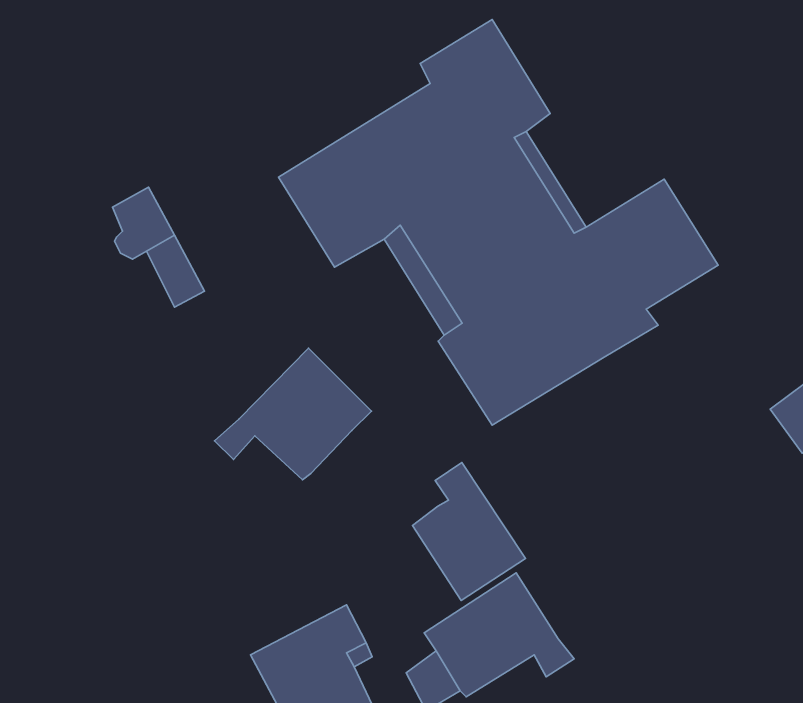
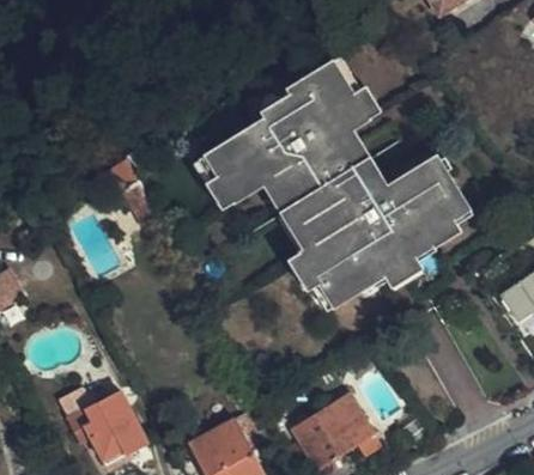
building: [214,348,372,480] -> none
building: [413,463,526,601] -> none
building: none -> [66,390,145,465]

